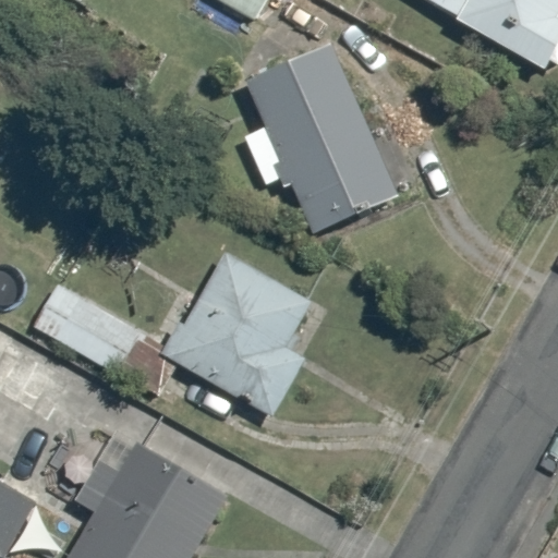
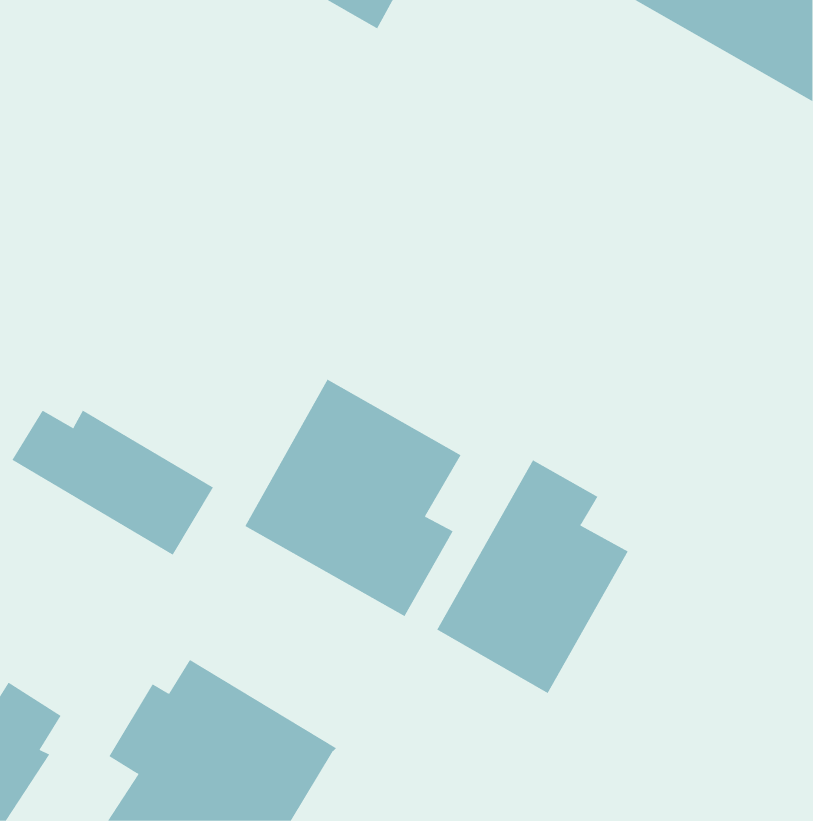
building: [243,46,399,236] -> none
building: none -> [436,460,629,694]

